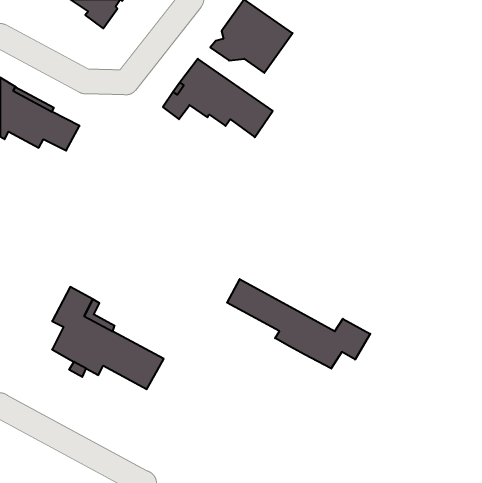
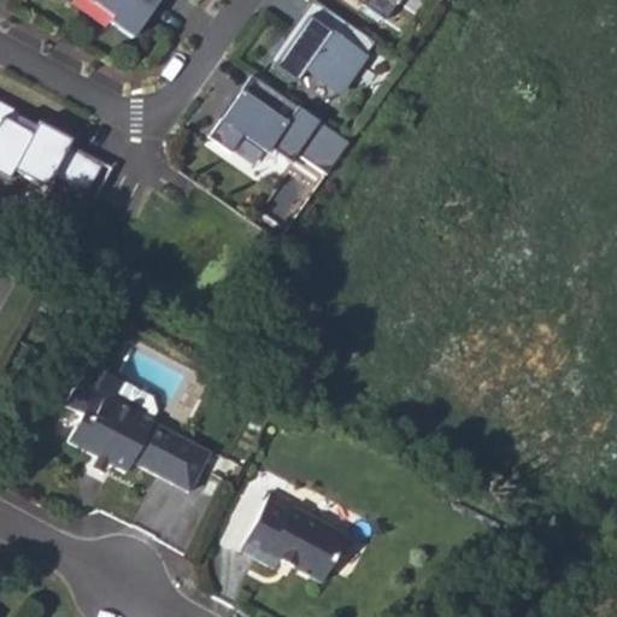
building: [227,279,370,369] -> none
building: none -> [243,494,347,582]

